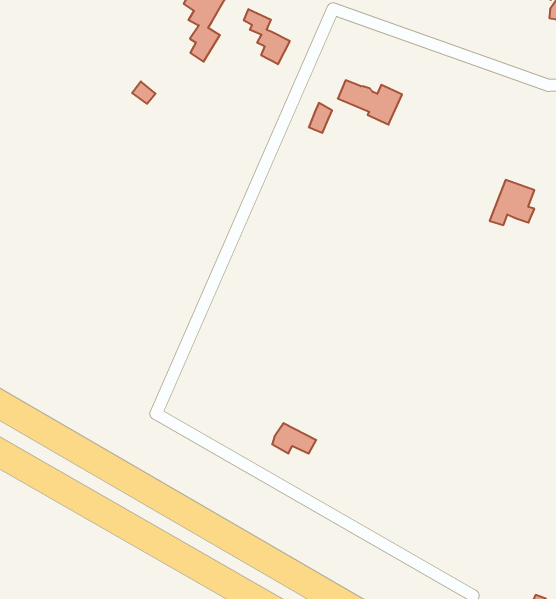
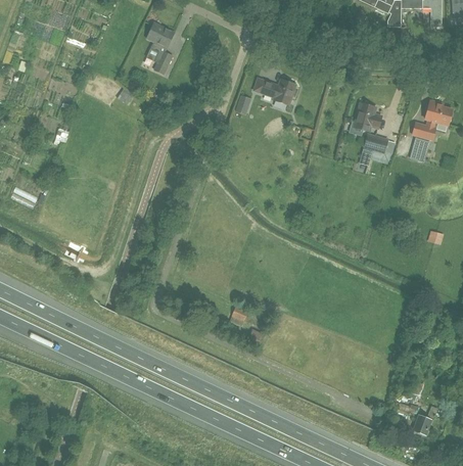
building: [244,9,290,64] -> none
building: none -> [352,102,381,130]

